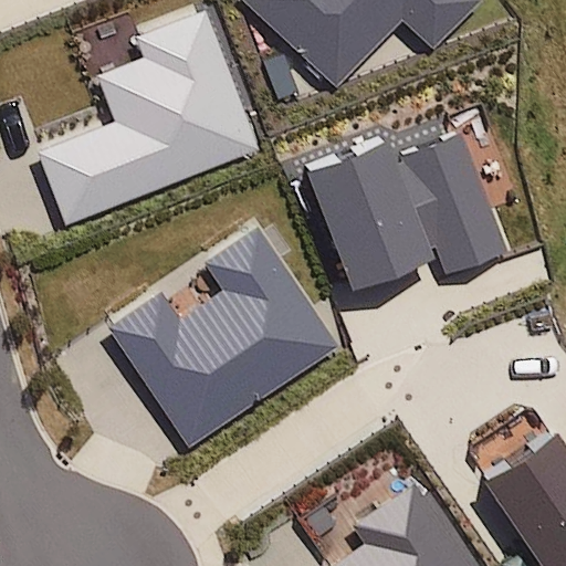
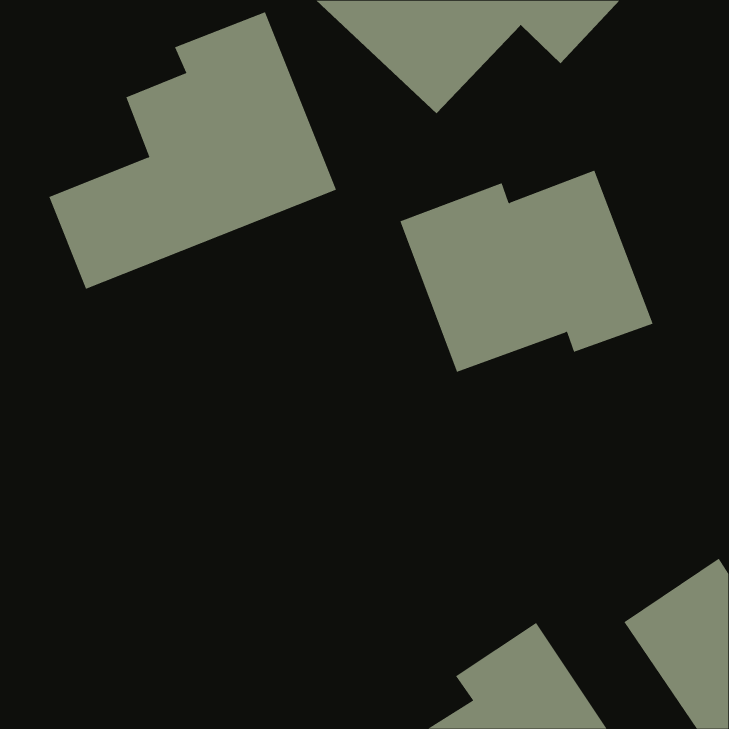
building: [108,224,339,447] -> none

